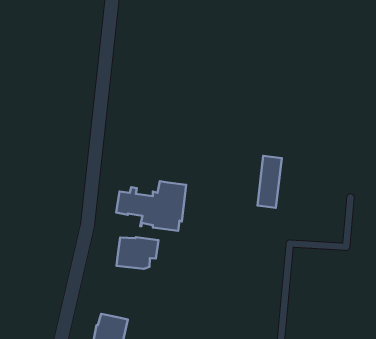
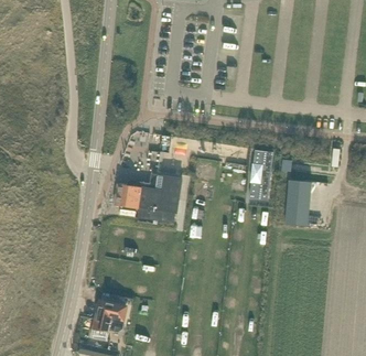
building: none -> [284,180,311,226]
building: [117,237,158,269] -> none

